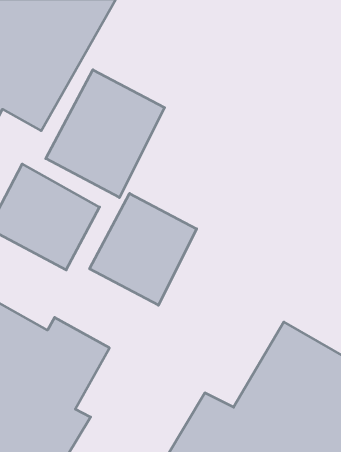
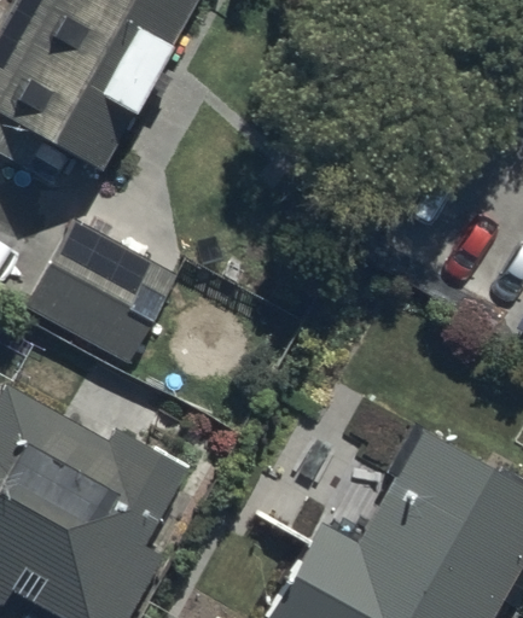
building: [46,70,165,198] -> none
building: [90,193,197,305] -> none

